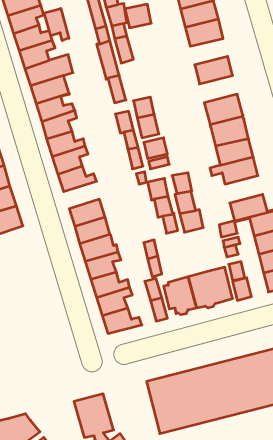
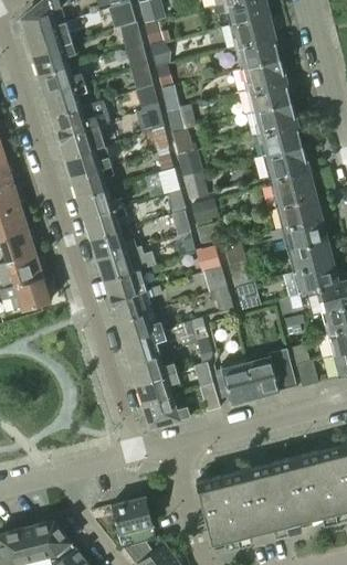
building: [125,4,151,28] -> [166,105,197,132]
building: [44,8,69,41] -> none
building: none -> [246,82,291,113]
building: none -> [257,125,302,157]
building: none -> [287,242,332,274]
building: none -> [98,246,156,280]

